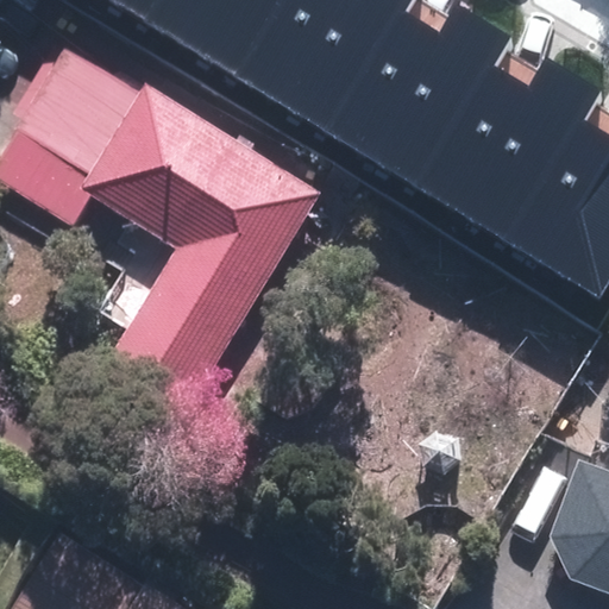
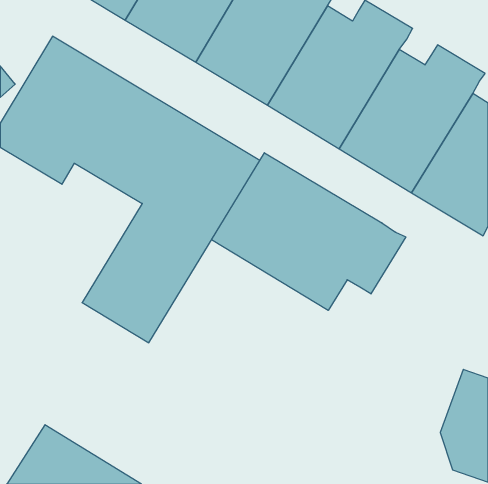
building: none -> [212,153,406,310]

